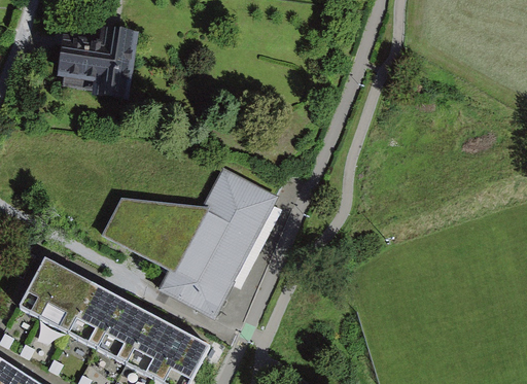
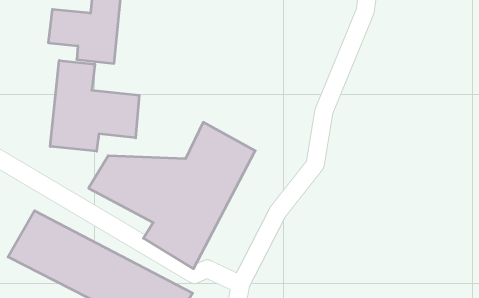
building: none -> [50,60,139,151]

